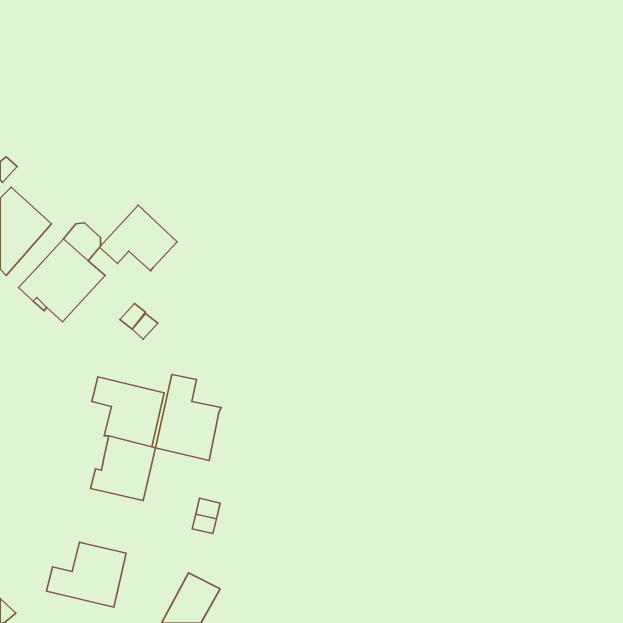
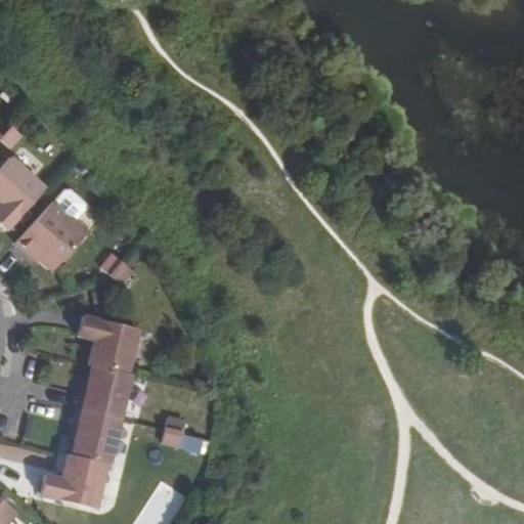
building: [99,205,177,271] -> none
building: [155,374,221,461] -> none
building: none -> [73,408,122,464]

